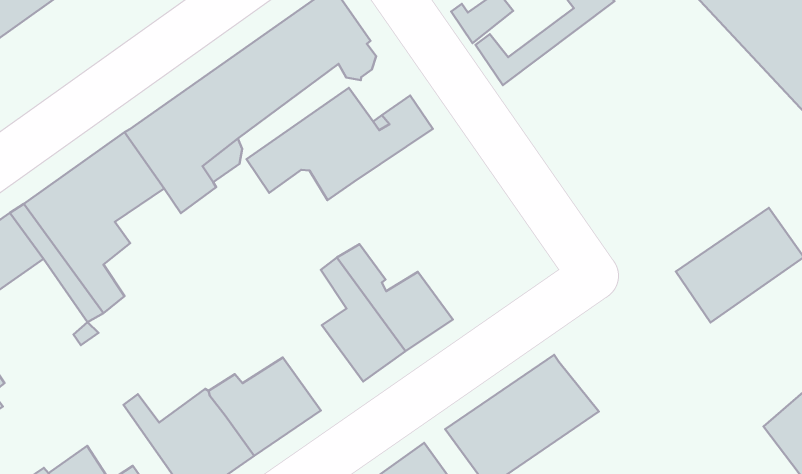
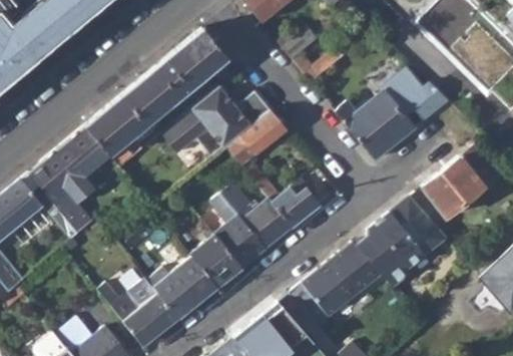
building: none -> [336,68,449,159]
building: none -> [226,112,319,226]
building: none -> [357,197,448,287]
building: none -> [190,235,240,286]

